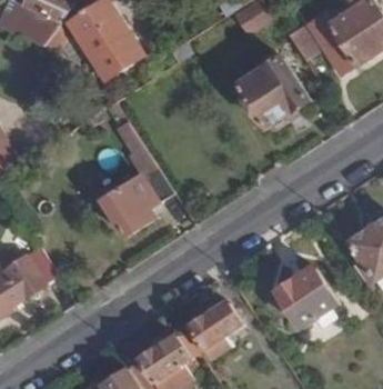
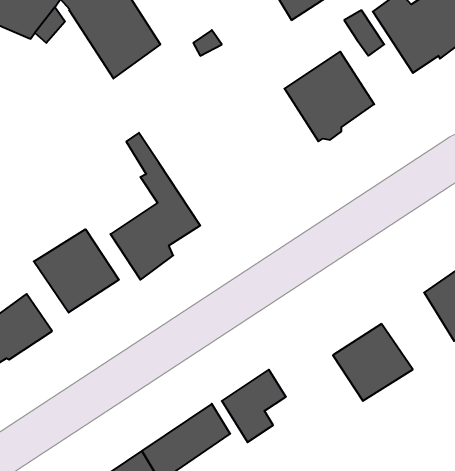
building: none -> [34,229,119,313]

